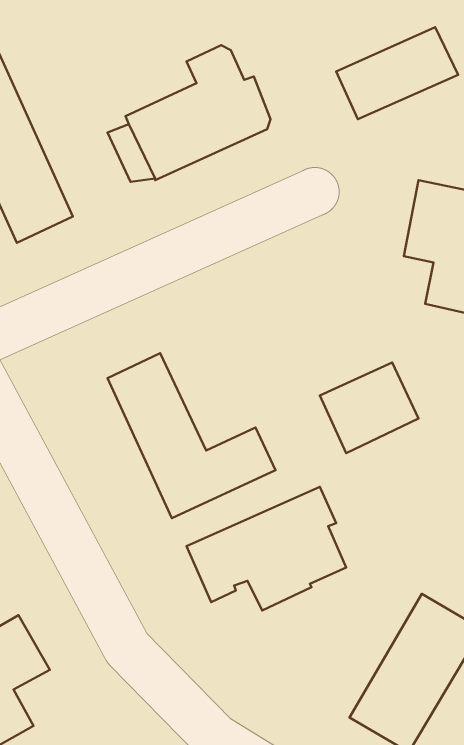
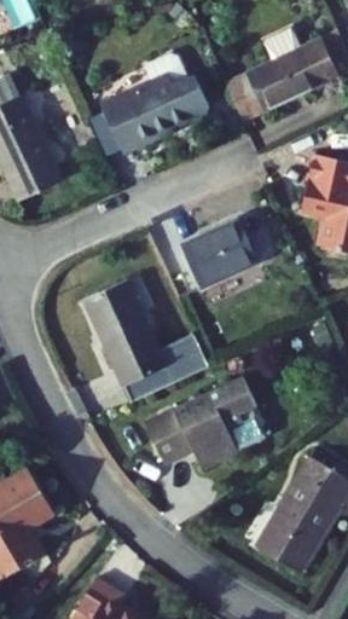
building: none -> [221,74,268,122]
building: [320,363,418,453] -> [181,221,254,288]

